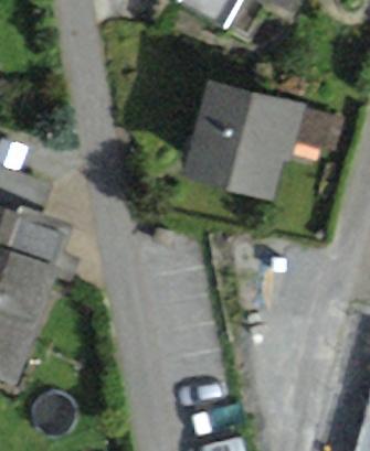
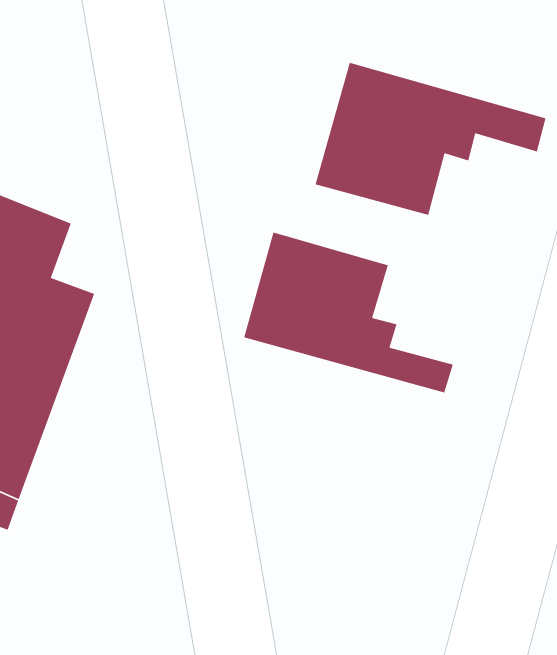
building: none -> [243,232,454,393]

